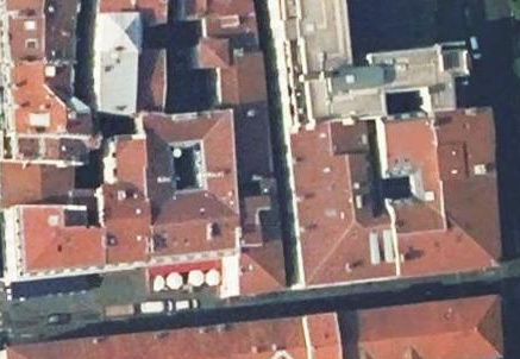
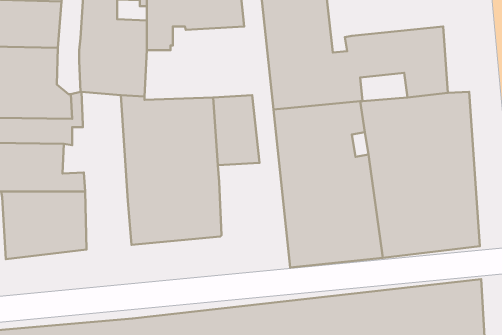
building: [159,43,268,116] -> none
building: [96,108,146,266] -> none
building: [234,184,286,292] -> none

